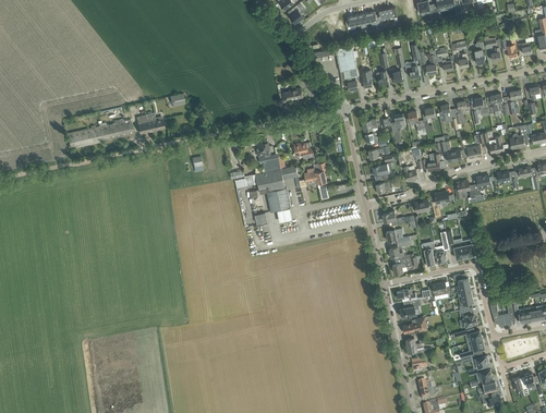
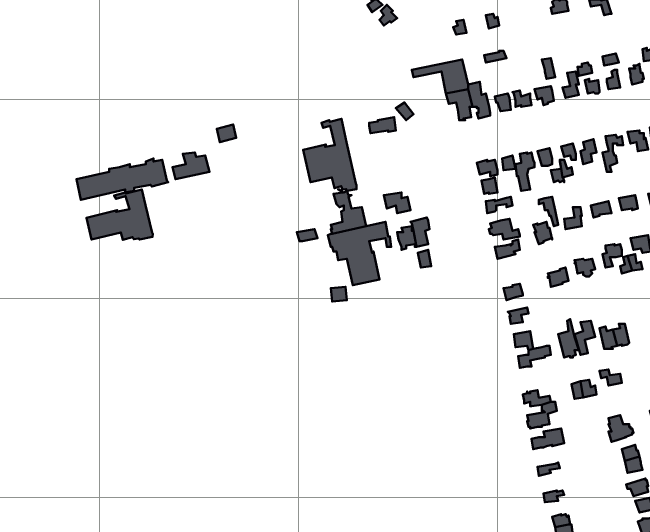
building: none -> [303,119,357,191]
building: none -> [87,189,153,240]

